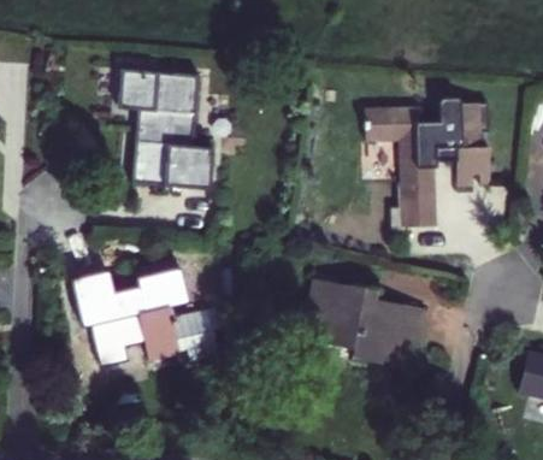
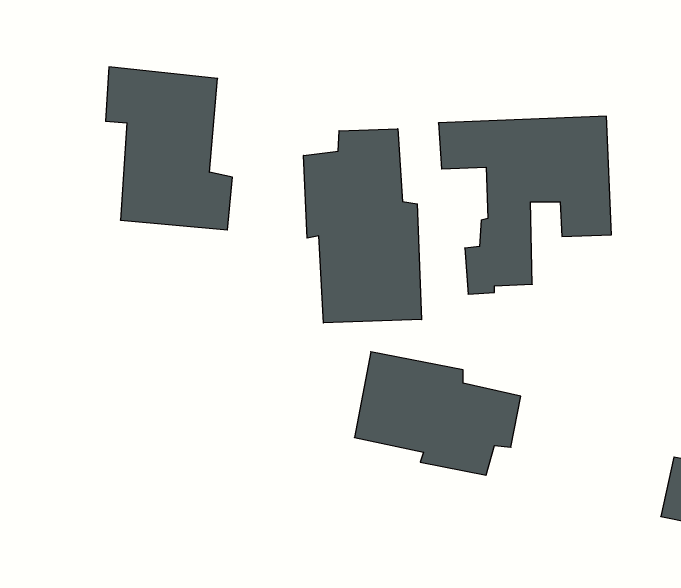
building: none -> [304,129,422,323]
building: [70,265,219,366] -> none

